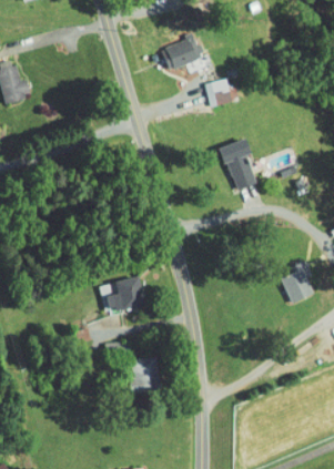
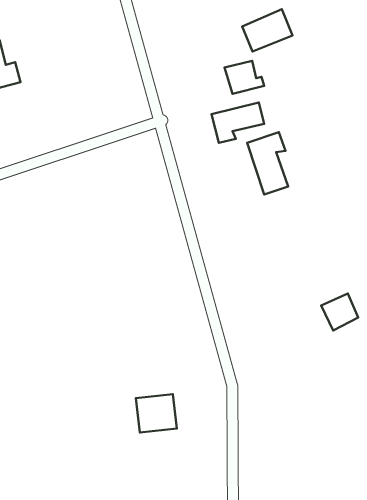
building: [161,35,203,71] -> [242,9,292,51]
building: none -> [212,102,264,143]
building: [97,276,145,314] -> none

